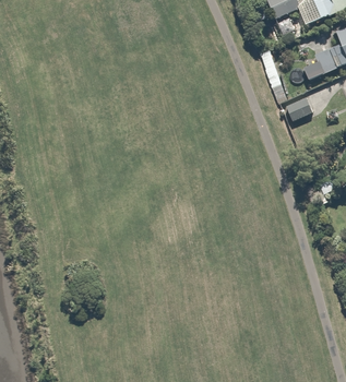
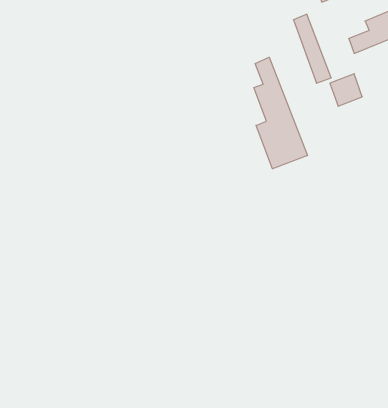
building: none -> [254,57,307,169]

